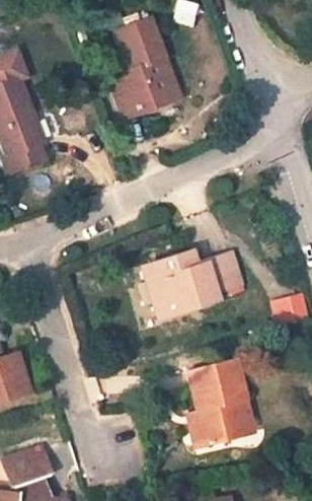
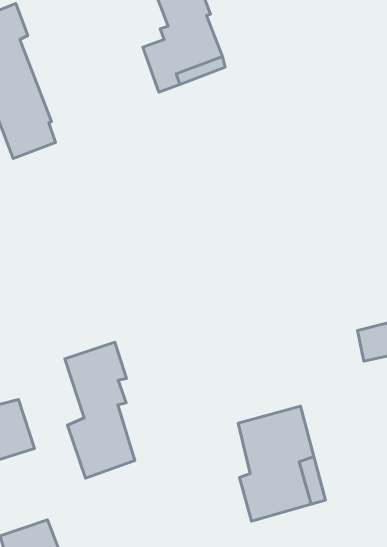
building: [144,252,242,317] -> none
building: none -> [65,342,135,478]

